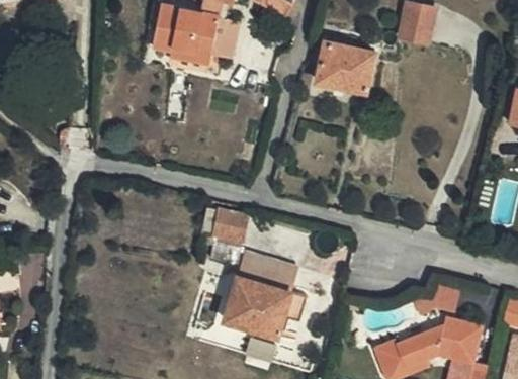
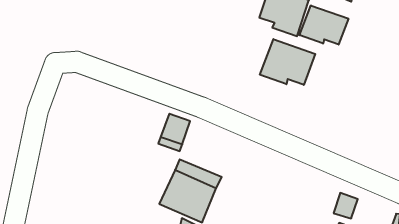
building: none -> [299,5,348,45]
building: none -> [260,39,315,85]

